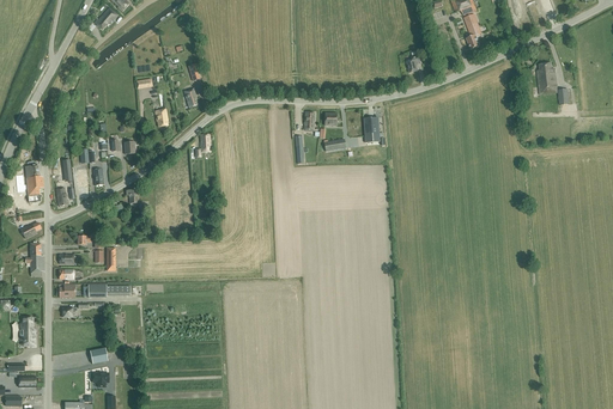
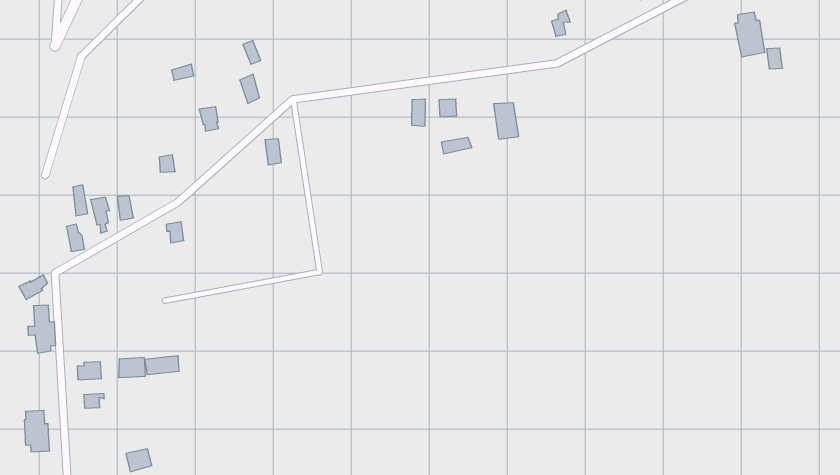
building: [25,164,44,202] -> none

